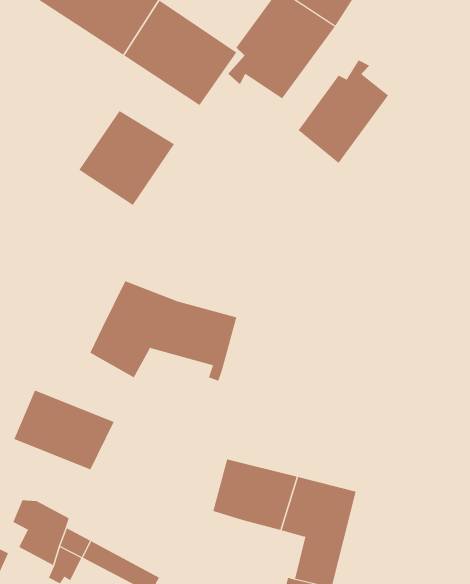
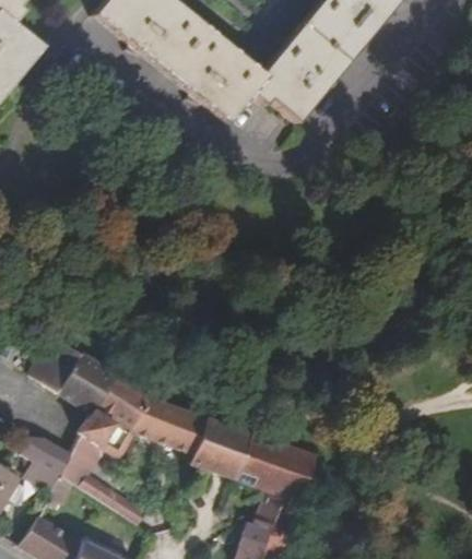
building: [298,59,389,164] -> none
building: [79,110,175,206] -> none
building: [89,280,237,382] -> [85,377,214,471]

